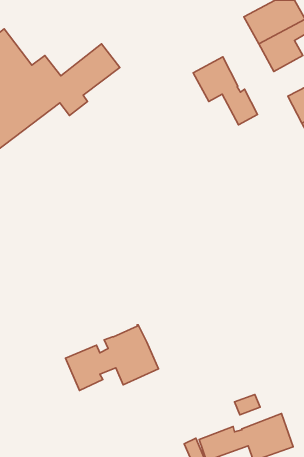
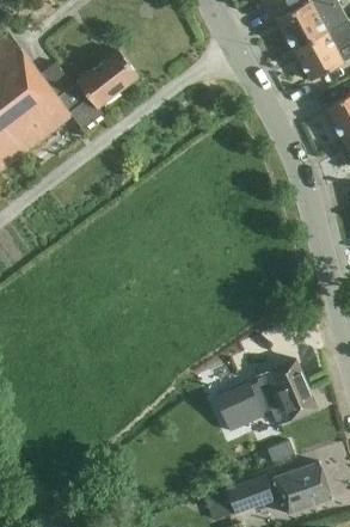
building: [193,57,258,125] -> none
building: [65,325,159,390] -> [214,359,318,431]

